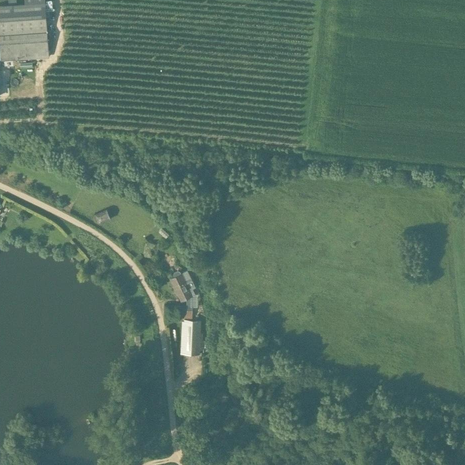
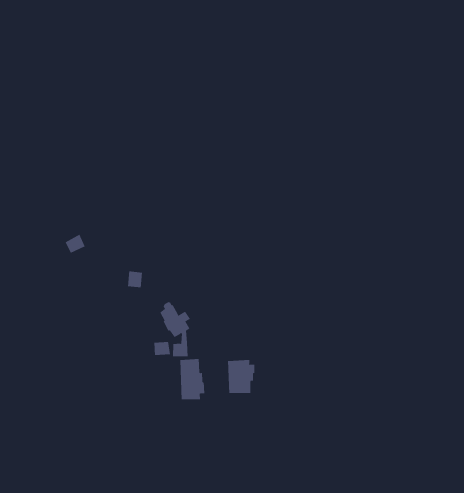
building: none -> [227,359,255,394]

